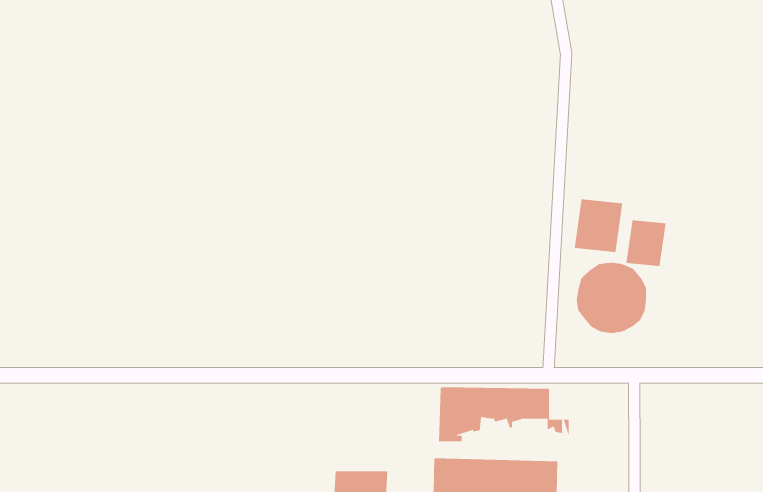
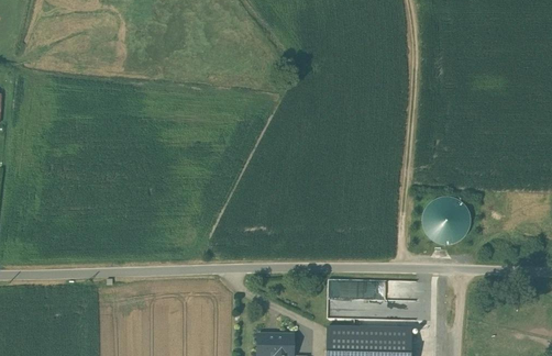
building: [574,198,623,253] -> none
building: [626,219,666,267] -> none

